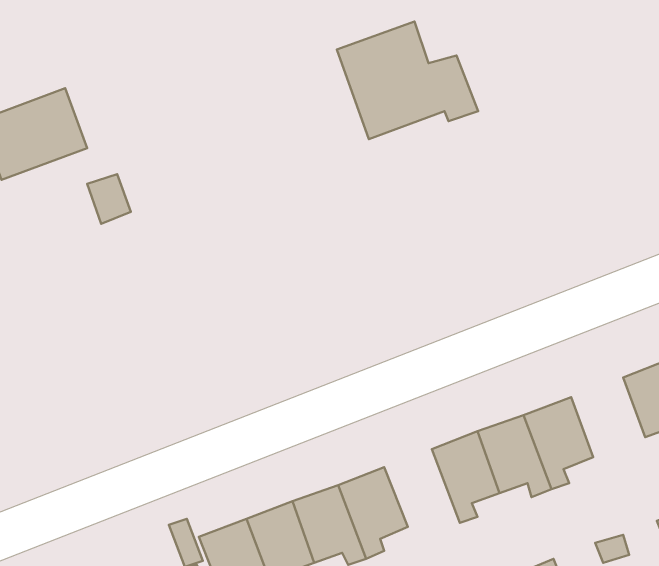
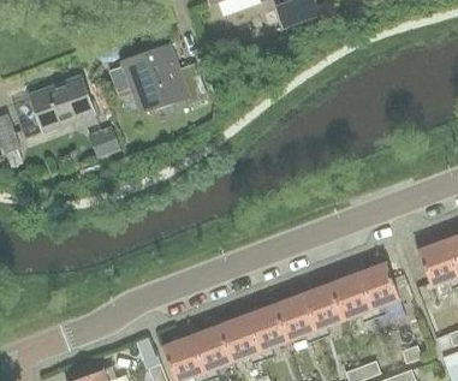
building: [337,21,478,139] -> [121,43,207,114]
building: none -> [273,293,319,343]

